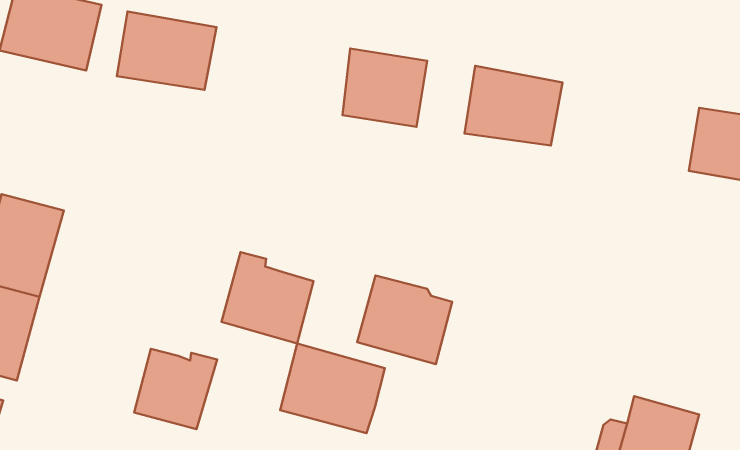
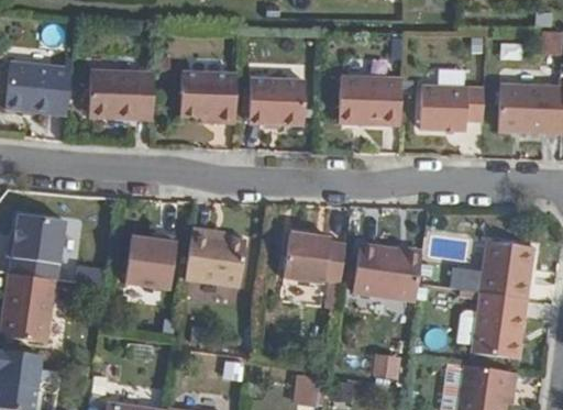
building: none -> [181,71,236,122]
building: none -> [420,69,484,129]
building: none -> [482,241,536,297]
building: [280,343,385,433] -> [353,245,422,301]
building: [134,349,217,429] -> [125,234,178,287]

